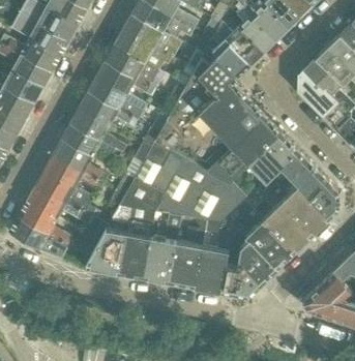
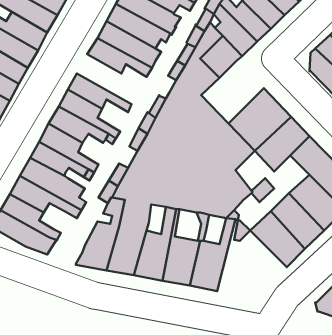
building: [87,76,146,121] -> none
building: [200,82,257,139] -> none
building: [214,240,277,297] -> none

